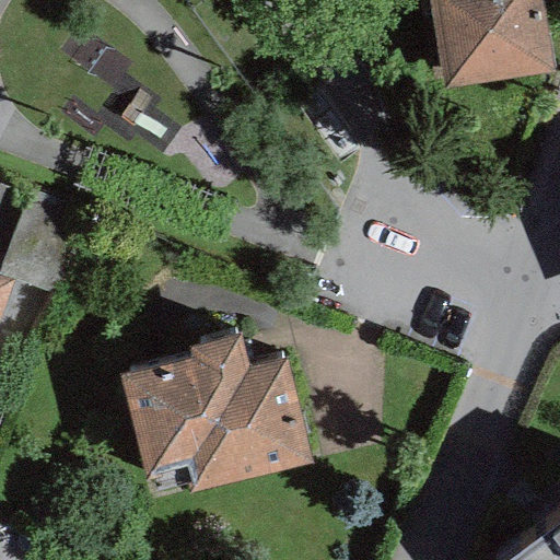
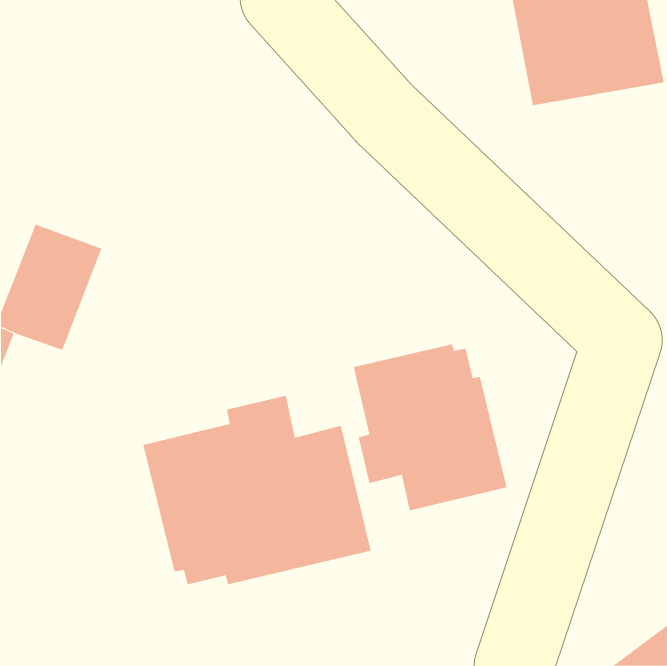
building: none -> [353,343,507,511]

